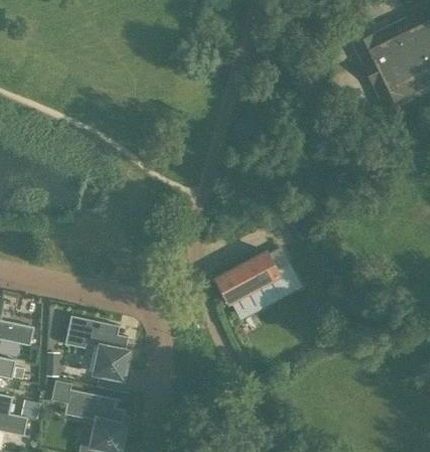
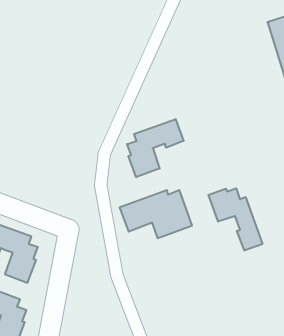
building: none -> [127,119,184,177]
building: none -> [208,188,262,251]

